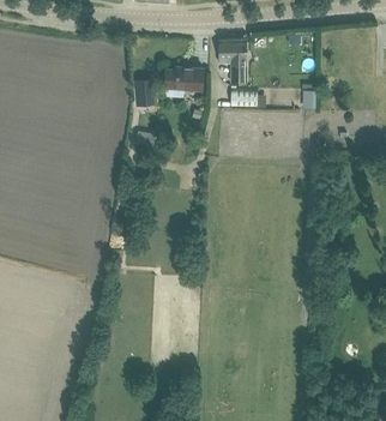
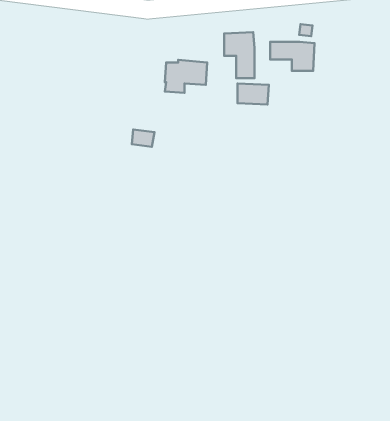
building: none -> [270,42,315,71]
building: [133,80,157,107] -> none

